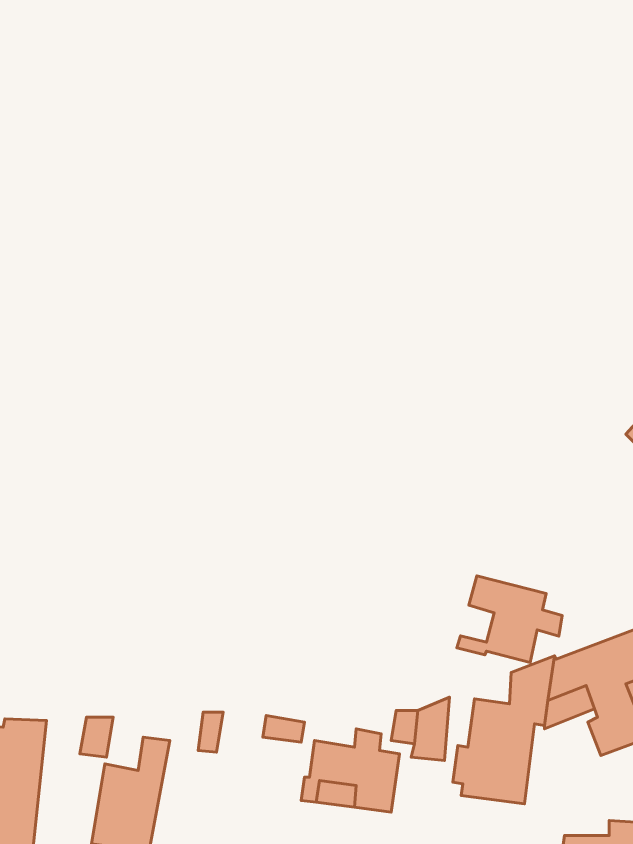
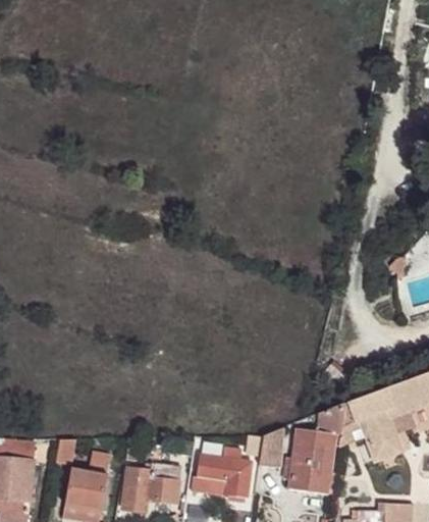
building: [457,576,562,662] -> none
building: none -> [122,463,180,511]

